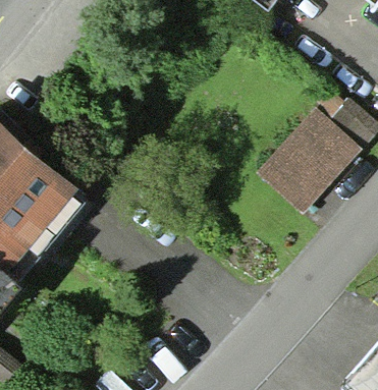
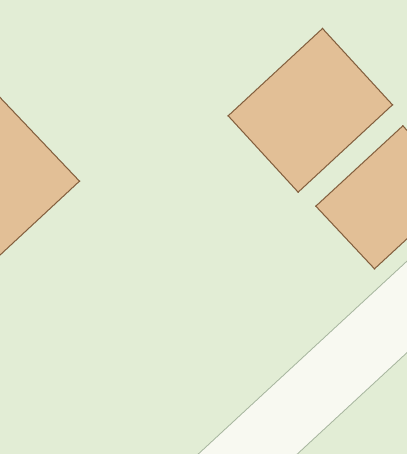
building: none -> [228,28,393,192]

